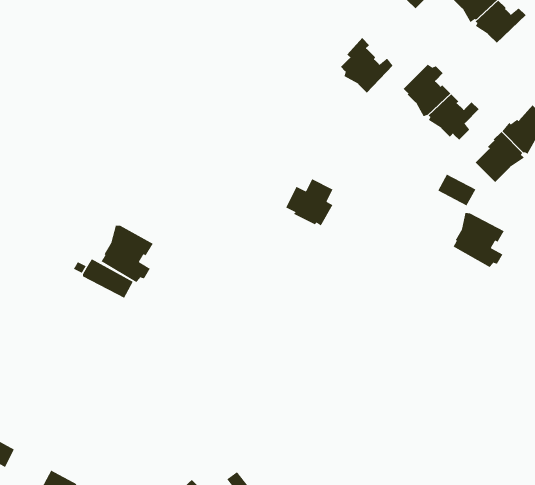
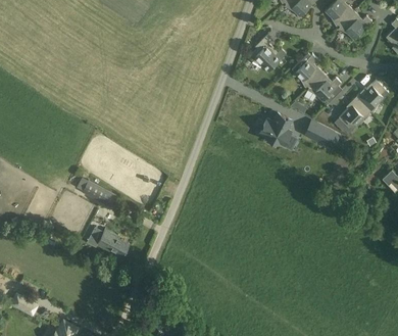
building: [285,178,334,227] -> [259,113,291,145]
building: [452,212,505,268] -> none
building: [101,225,154,283] -> none
building: none -> [93,229,129,257]

